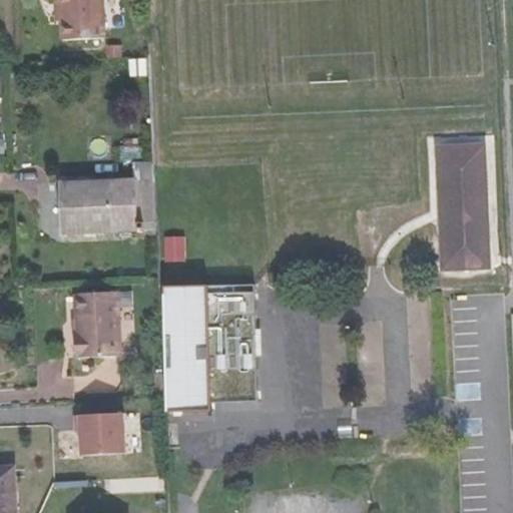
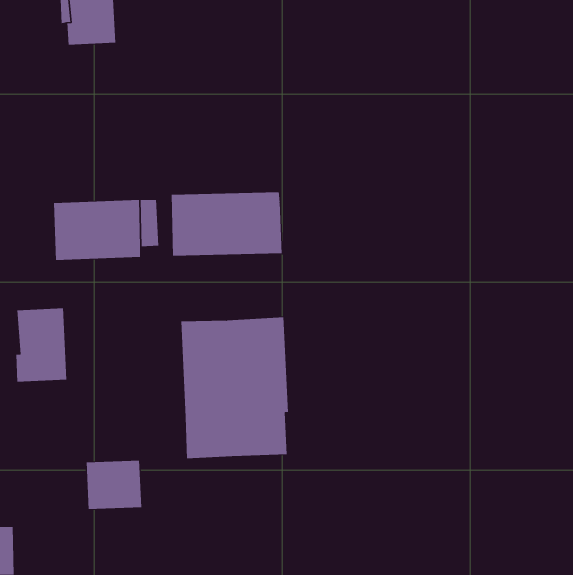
building: [442,143,491,267] -> none
building: none -> [171,192,282,257]
building: [73,292,119,358] -> [15,308,67,382]

